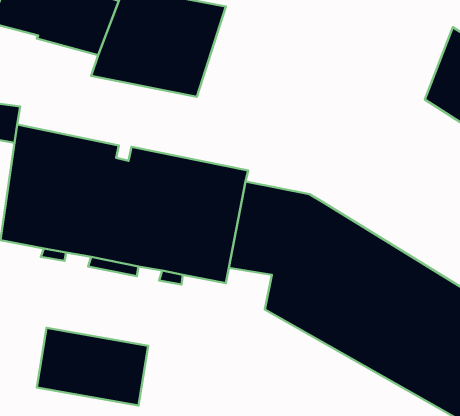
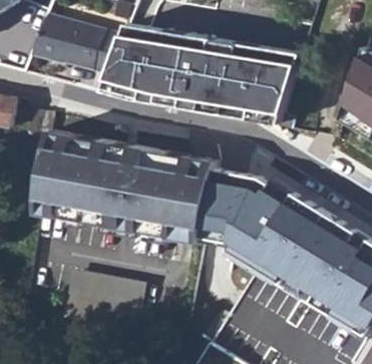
building: none -> [178,39,302,123]

